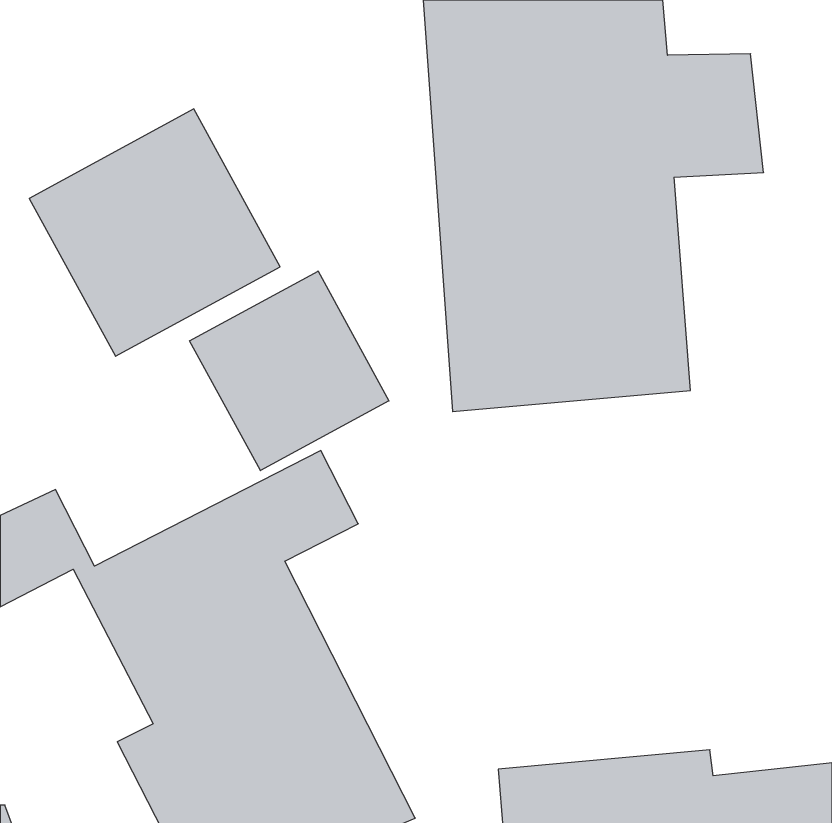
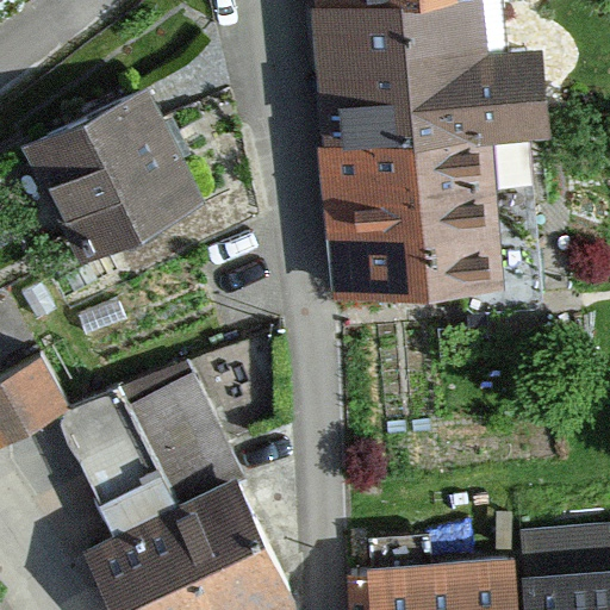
building: [190,271,389,471] -> none

